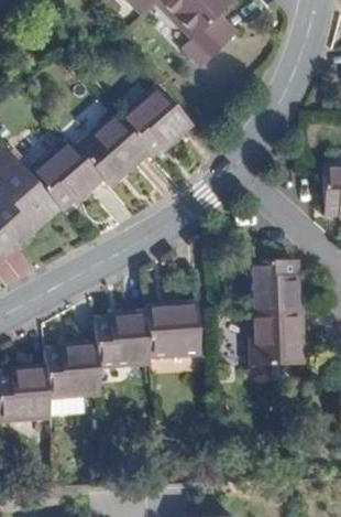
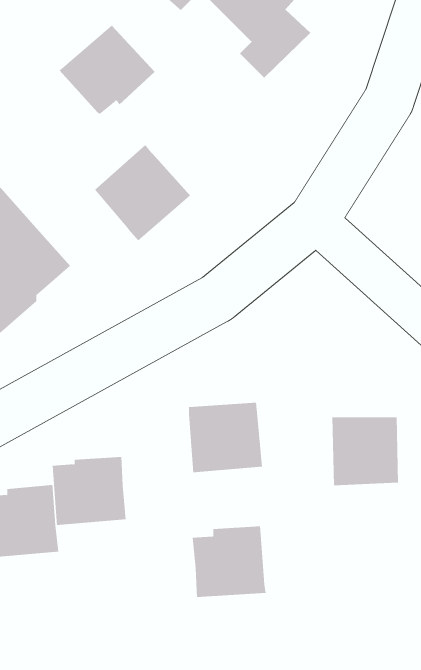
building: [118,84,190,151] -> [59,25,156,114]
building: [29,138,99,205] -> none
building: [250,263,301,316] -> none
building: [92,314,149,368] -> [192,526,267,598]

